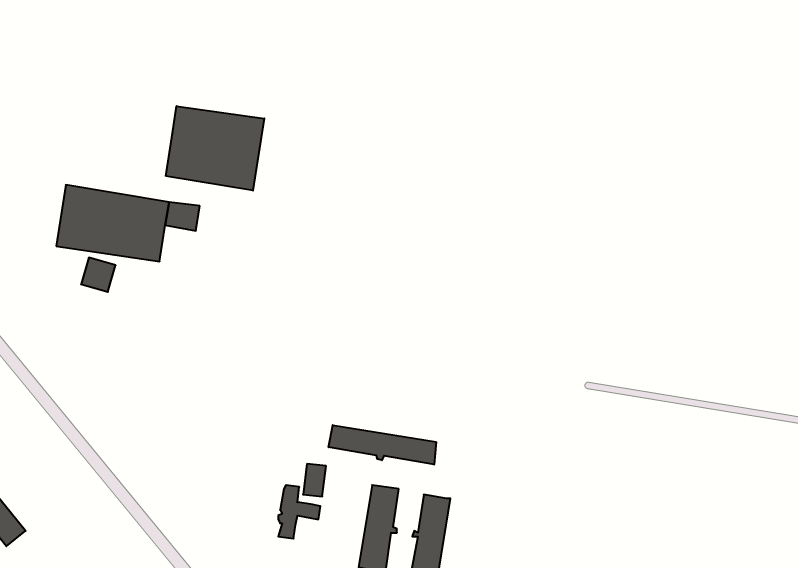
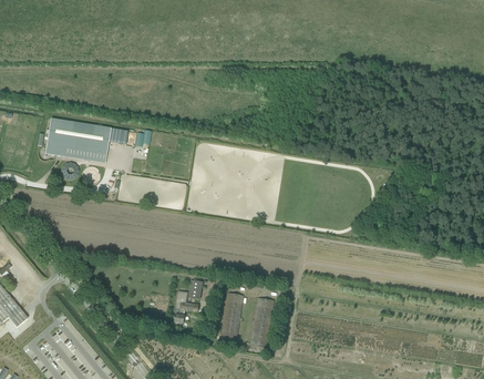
building: [166,106,264,191] -> none
building: [329,425,436,465] -> none

